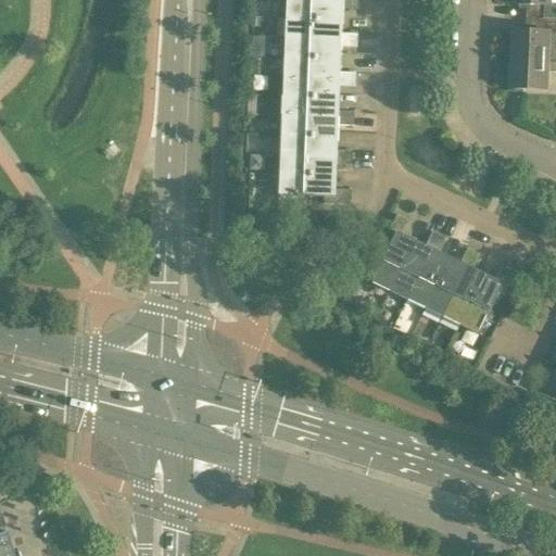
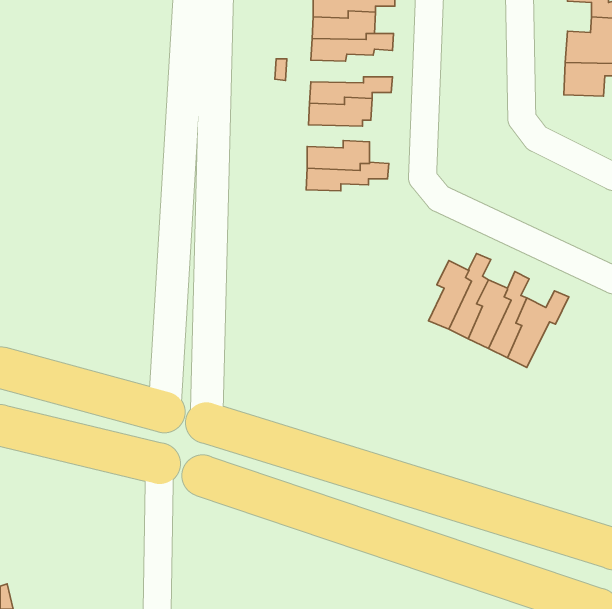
building: [282,49,339,75] -> none
building: [279,109,354,134] -> none
building: [277,166,352,202] -> none
building: [370,212,409,290] -> none

